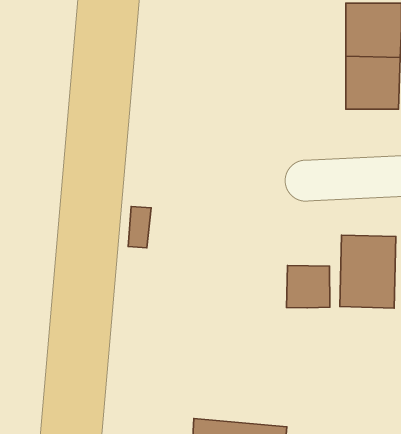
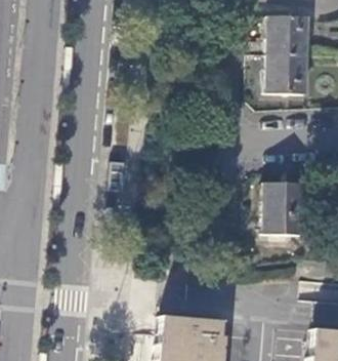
building: [287,265,330,308] -> none

